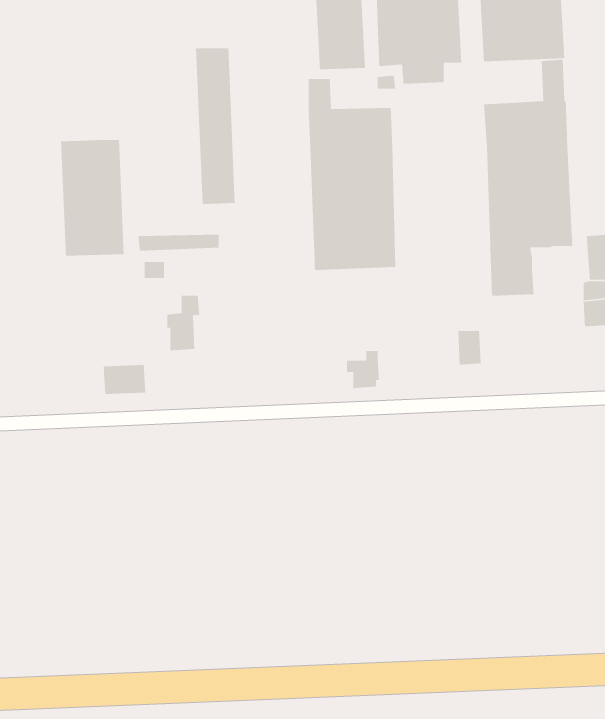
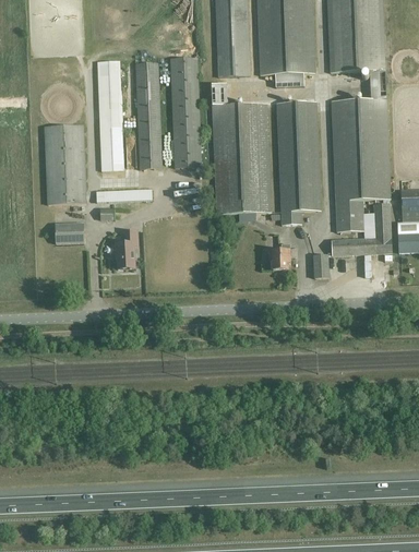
building: none -> [169,57,201,168]
building: none -> [97,60,124,170]
building: none -> [276,100,320,224]
building: none -> [330,197,391,255]
building: [346,350,380,389] -> [267,243,290,269]
building: [103,364,146,395] -> [55,223,84,243]

